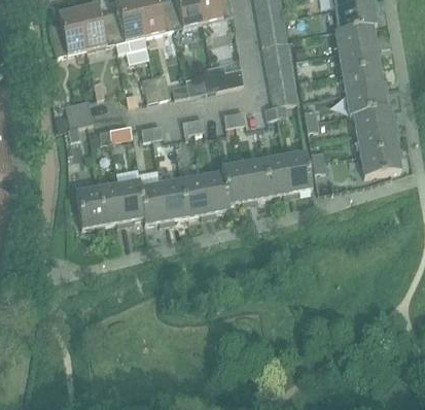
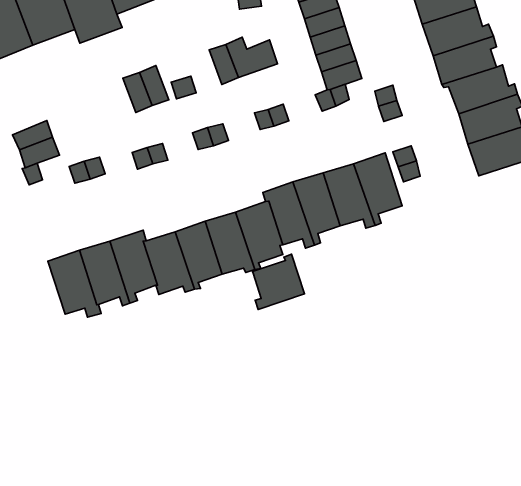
building: none -> [252,254,305,309]

